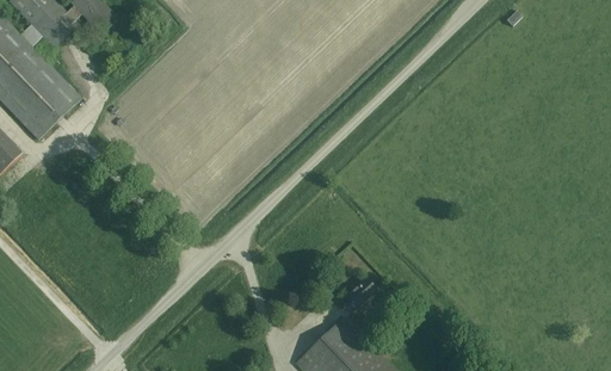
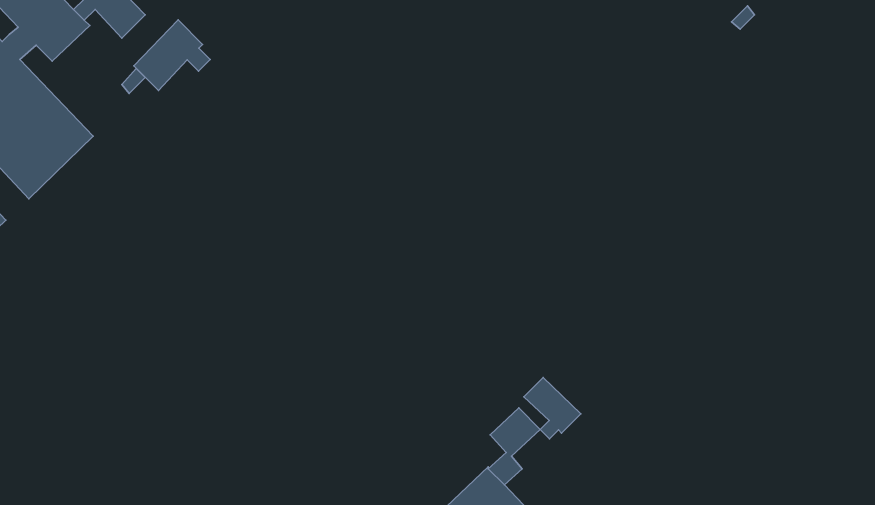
building: none -> [134,20,210,91]
building: none -> [524,378,581,439]

